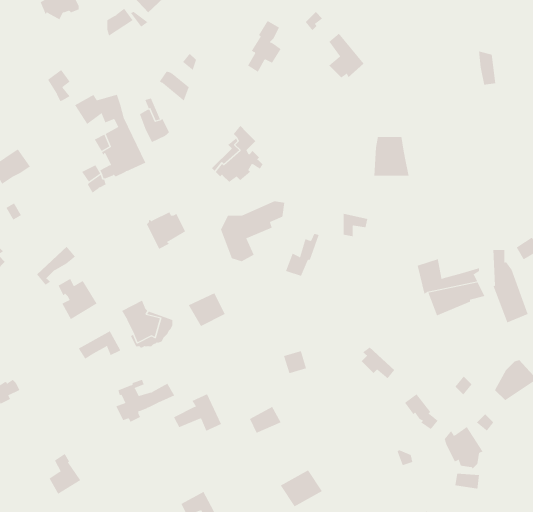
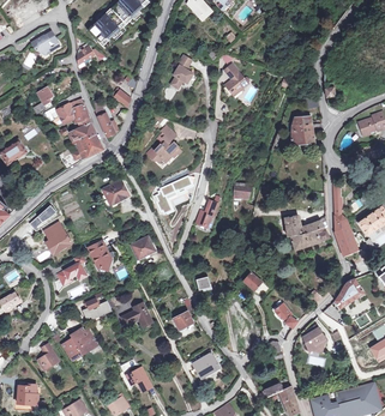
building: [373,137,410,176] -> [290,115,314,141]
building: none -> [61,326,100,361]

